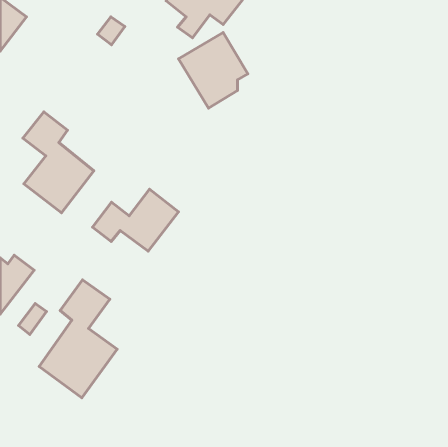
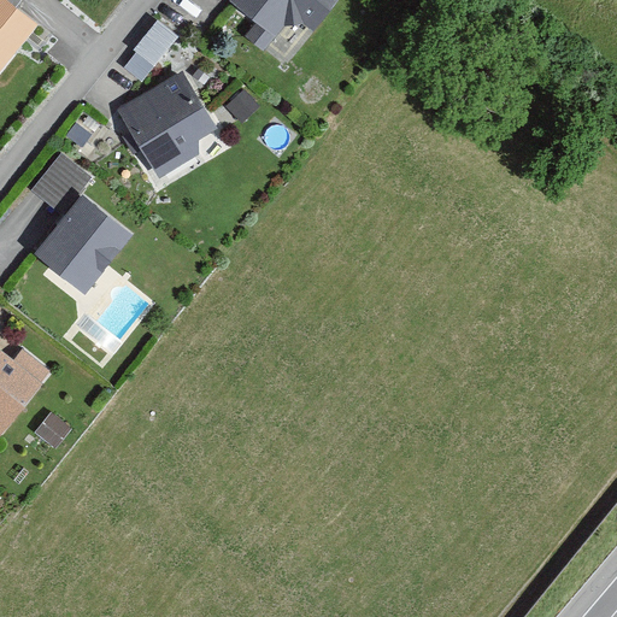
building: [179,32,248,108] -> [118,72,213,176]
building: [93,189,179,251] -> none
building: [39,280,117,398] -> none

